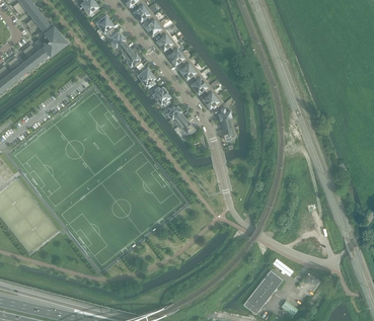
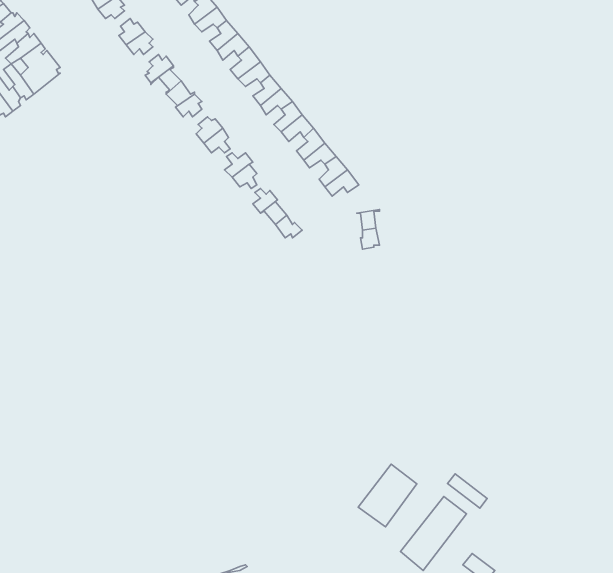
building: none -> [358,464,417,527]

